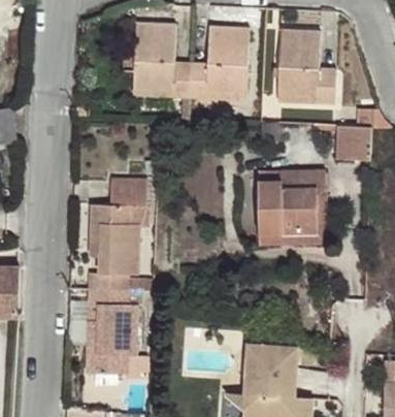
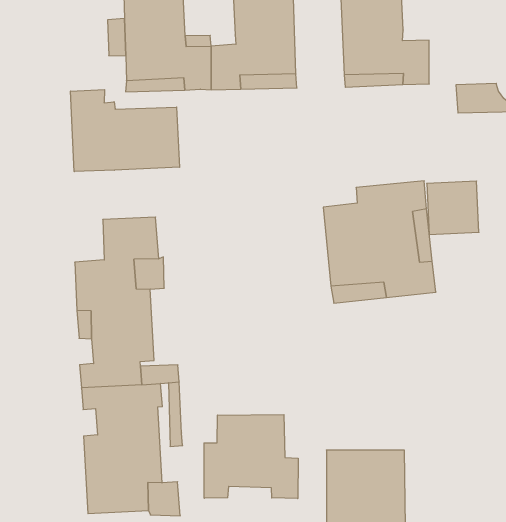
building: none -> [71,90,180,172]
building: [335,125,369,160] -> [427,181,479,235]
building: none -> [204,415,298,499]

